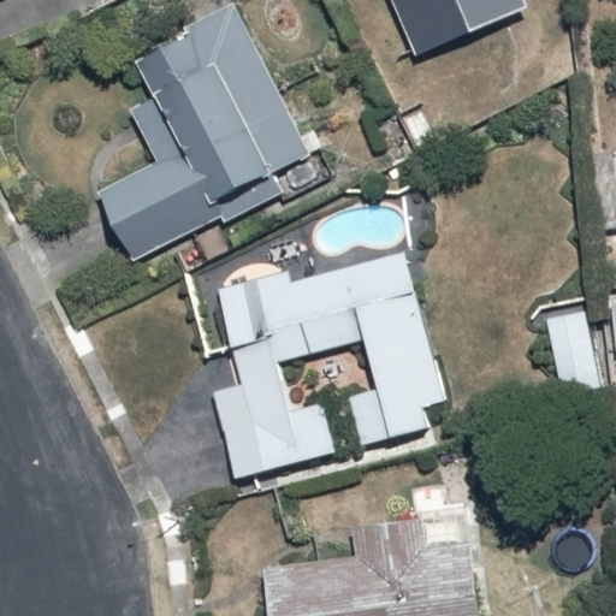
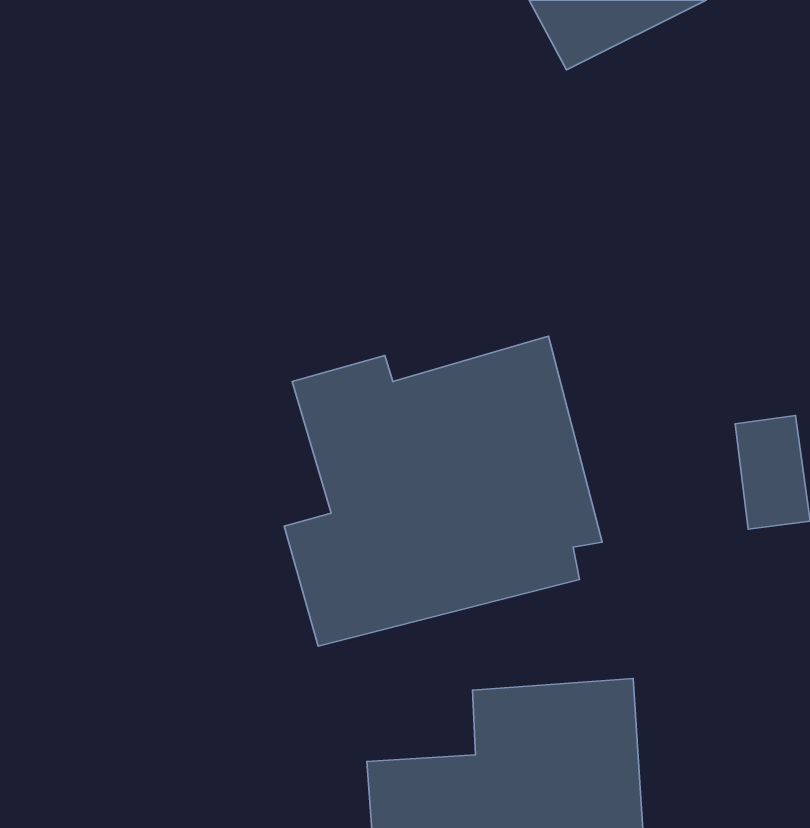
building: [97,7,312,257] -> none

